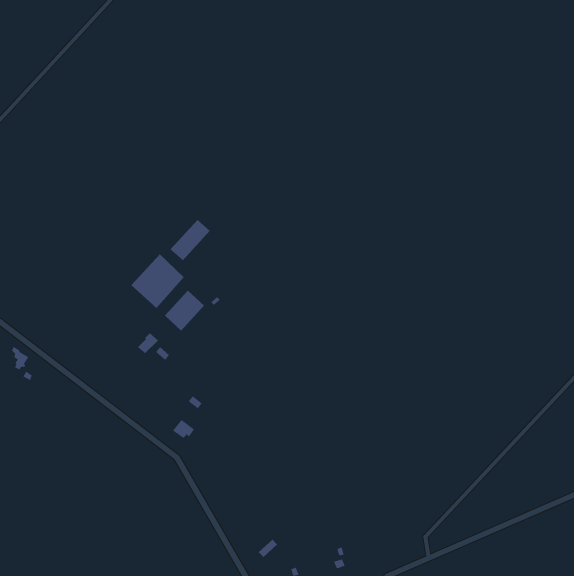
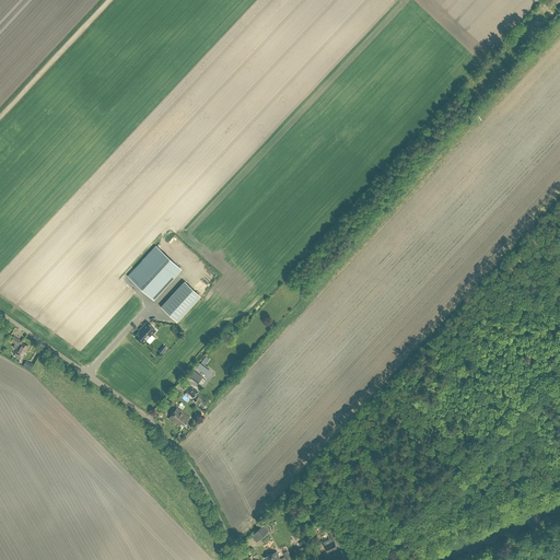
building: [170,219,211,261] -> none

